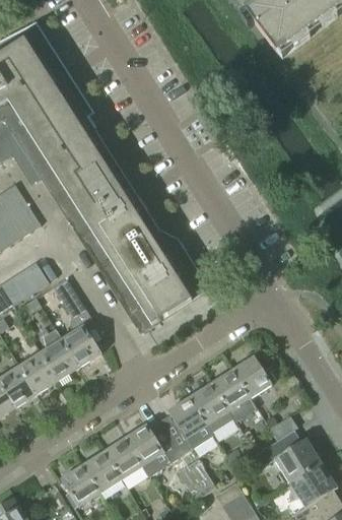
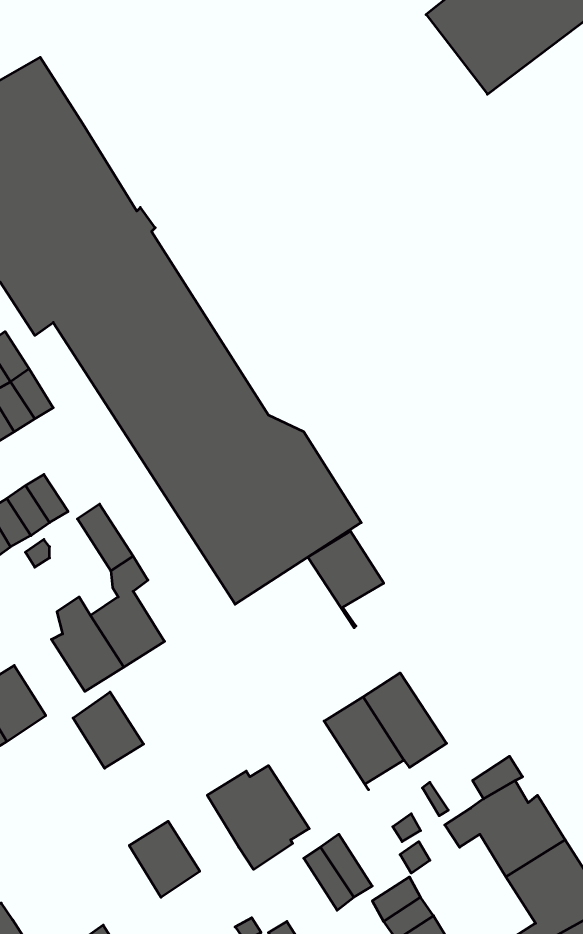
building: [19,351,58,393] -> [73,692,144,768]
building: [230,355,272,408] -> [308,531,384,628]
building: [158,396,213,455] -> none
building: [104,437,142,478] -> none
building: [61,464,99,506] -> none

